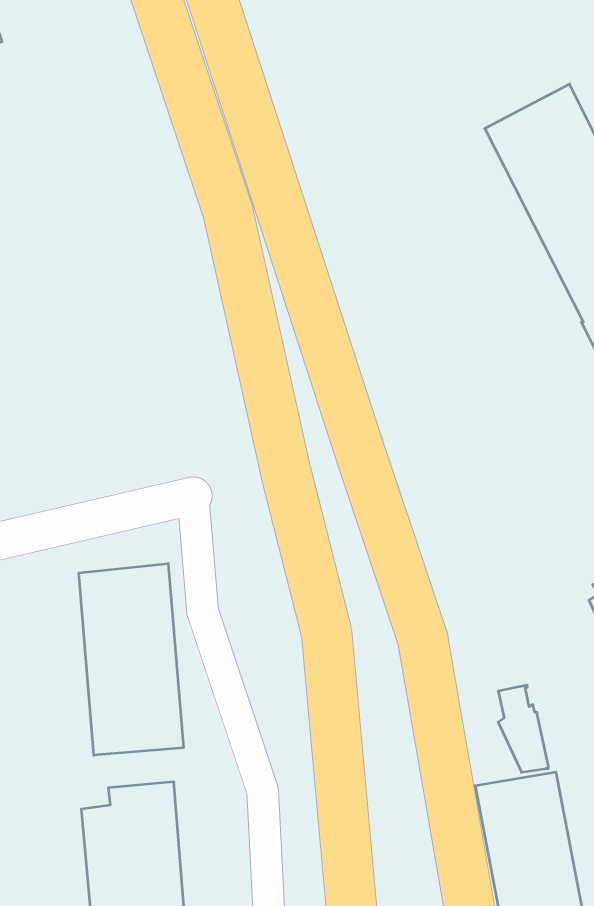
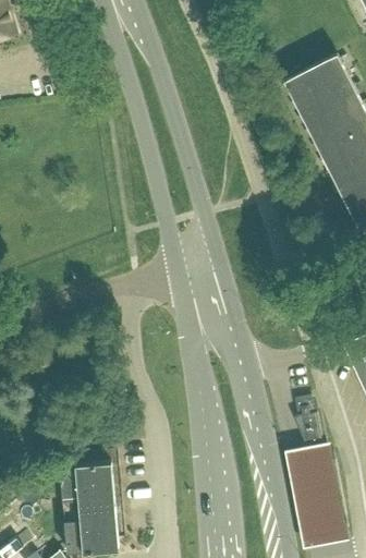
building: [79,563,183,755] -> none

